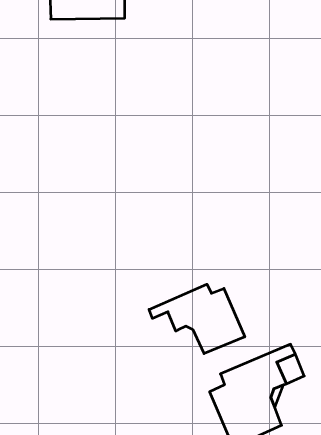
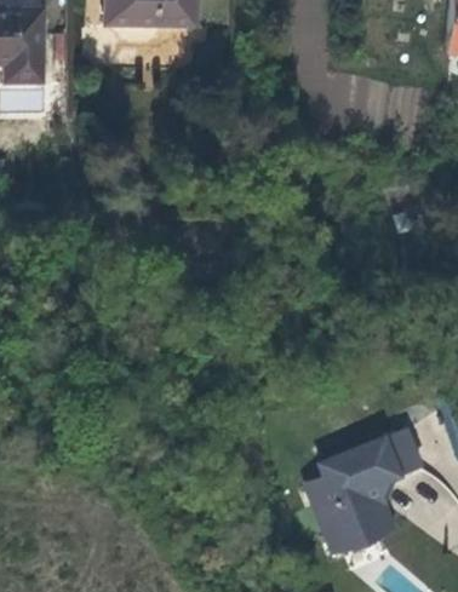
building: [149,284,245,354] -> none

